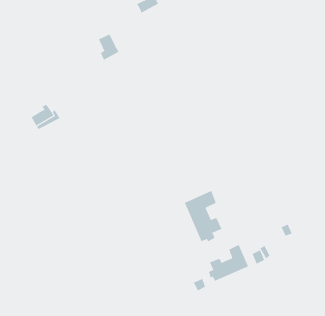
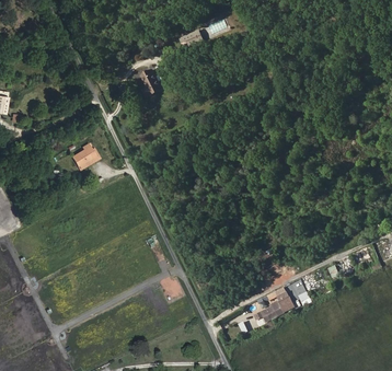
building: [184,190,222,242] -> none

